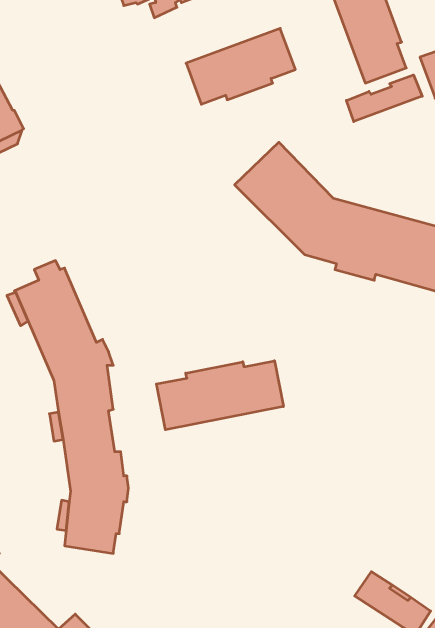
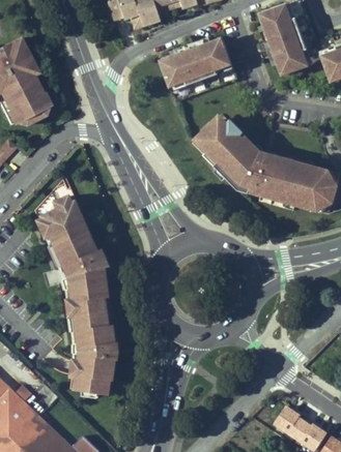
building: [346,75,422,122] -> none
building: [156,361,283,430] -> none

